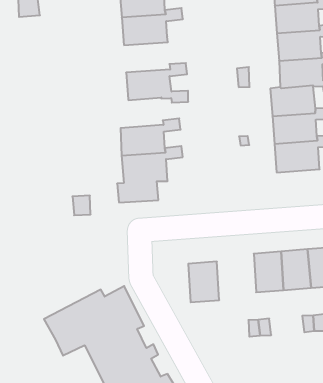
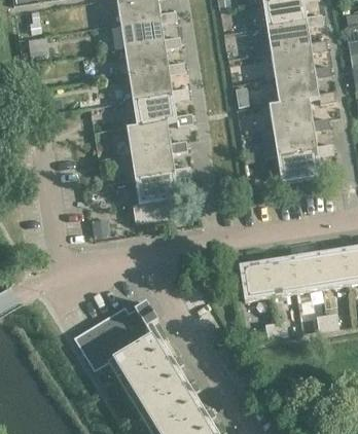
building: none -> [127,62,184,101]
building: none -> [124,121,170,153]
building: [188,262,219,302] -> [238,261,270,301]

